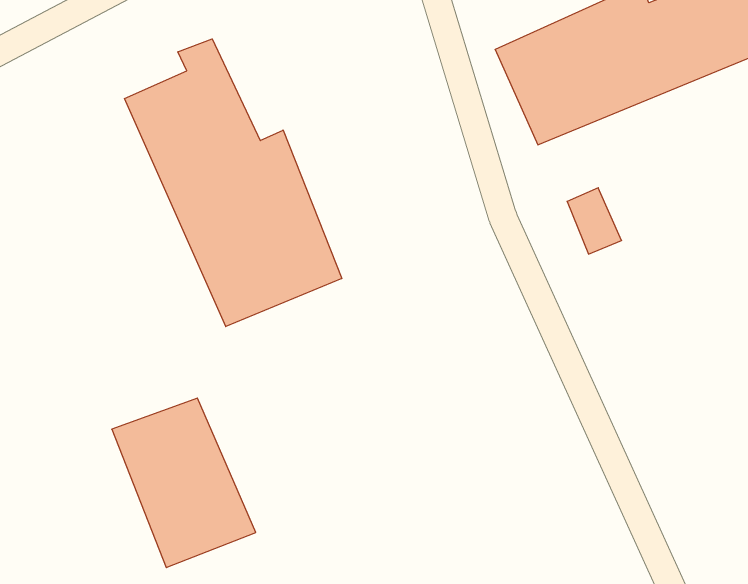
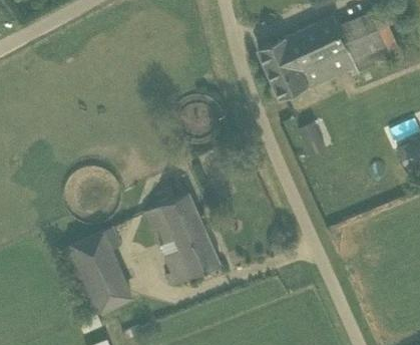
building: [124,39,342,327] -> none
building: none -> [144,192,221,287]

